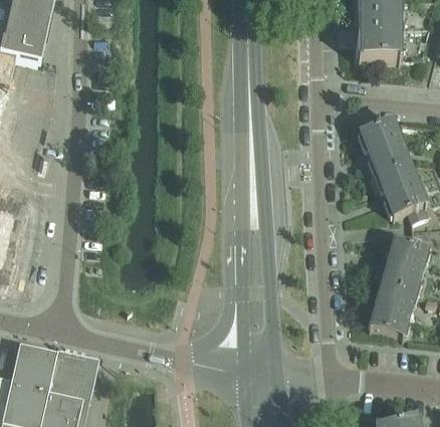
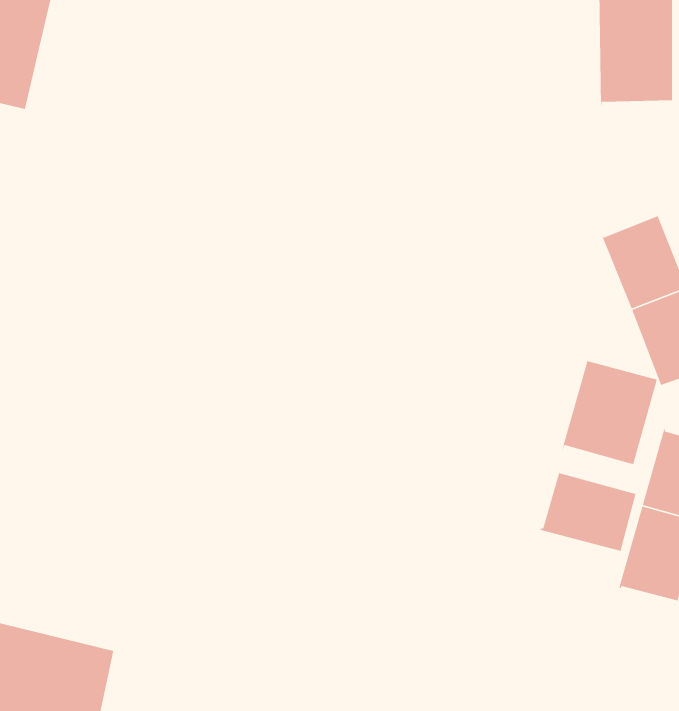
building: none -> [561,360,658,465]
building: none -> [539,472,636,552]

